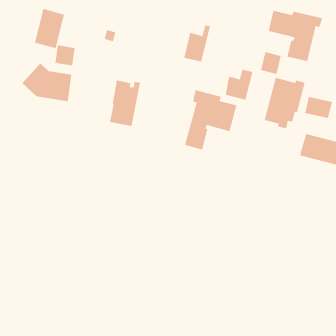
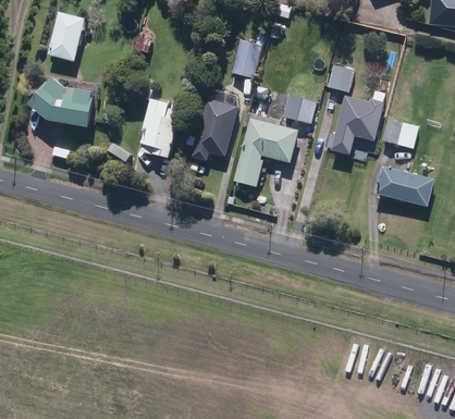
building: [268,10,323,62] -> none
building: [55,45,75,66] -> none
building: none -> [192,98,238,161]

